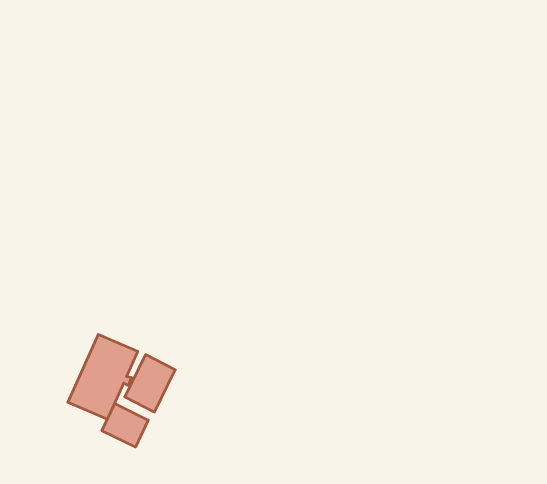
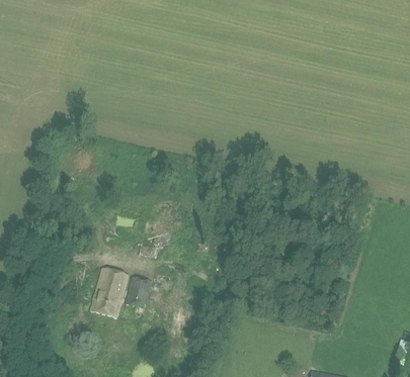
building: [102,404,148,447] -> none

